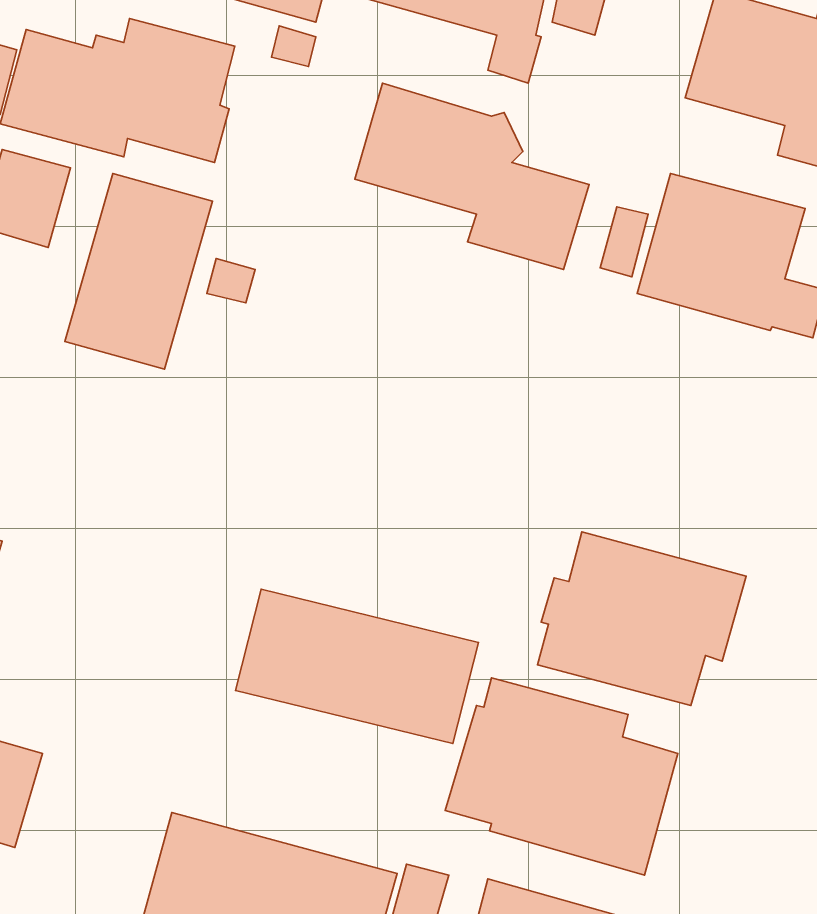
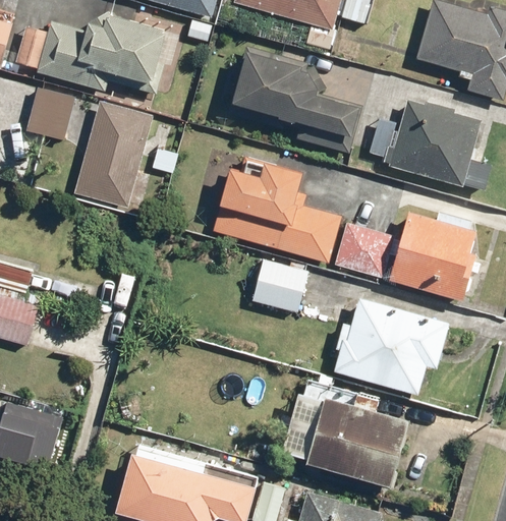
building: none -> [212,157,340,263]
building: none -> [388,204,475,300]
building: none -> [333,222,393,277]
building: none -> [251,258,307,310]
building: [235,589,479,744] -> none

